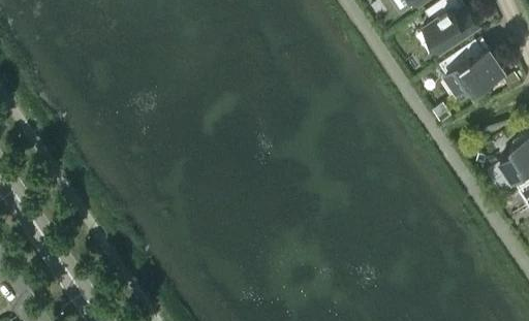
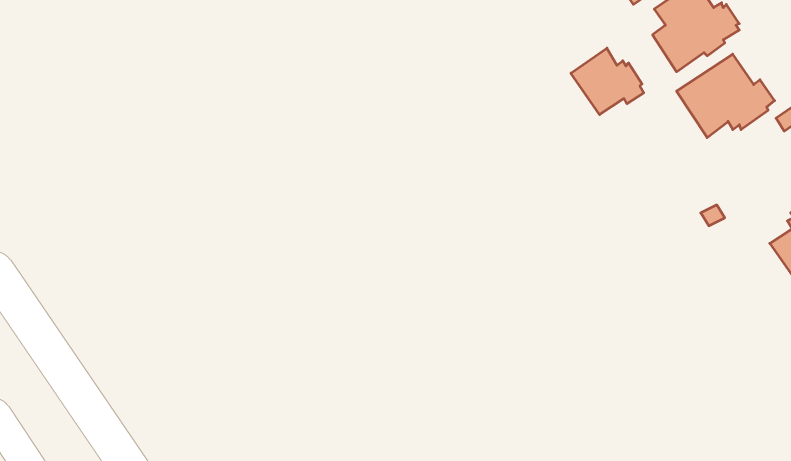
building: none -> [571,48,644,115]

